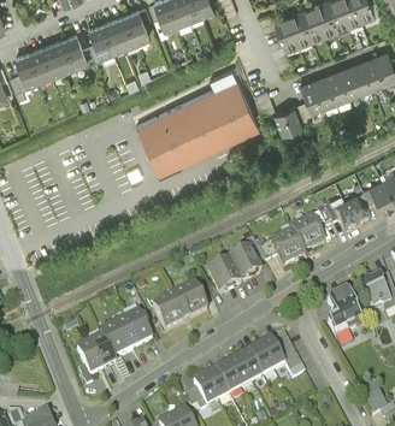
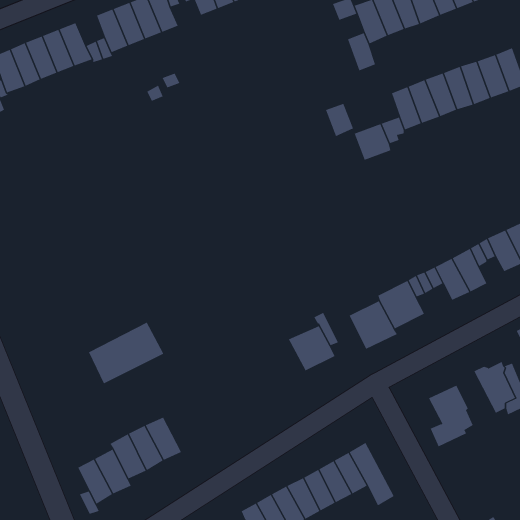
building: [136,66,259,172] -> none
building: [207,259,240,291] -> none
building: [153,284,207,329] -> [88,322,164,384]

